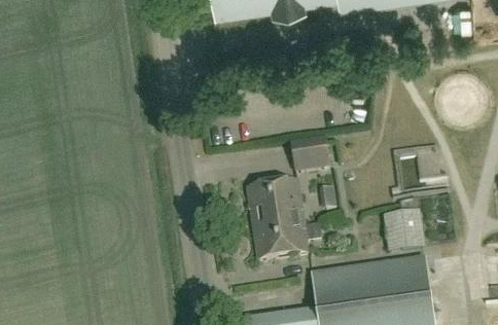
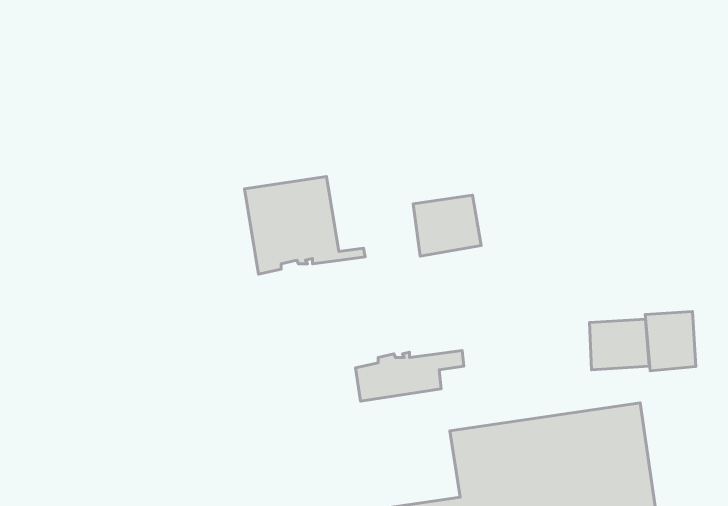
building: [248,183,319,241] -> [244,176,365,274]
building: none -> [645,312,696,371]

